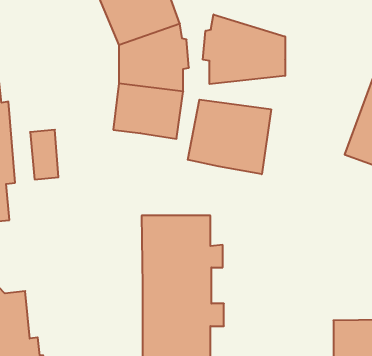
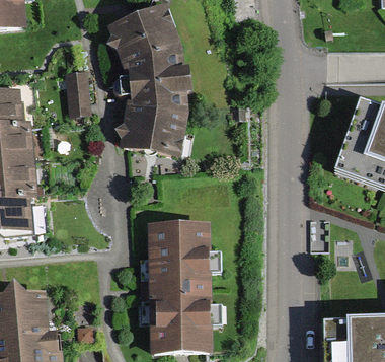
building: [203,14,285,84] -> none
building: [188,100,271,174] -> none
building: [30,130,58,179] -> [65,69,90,114]

